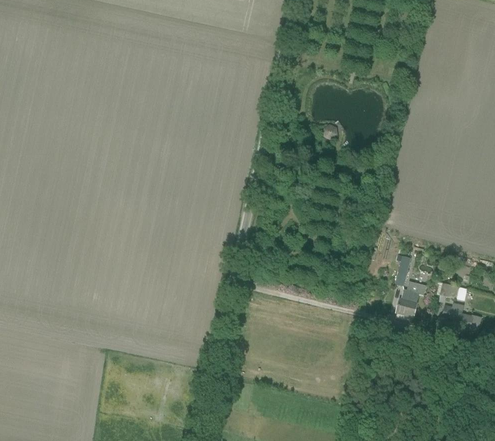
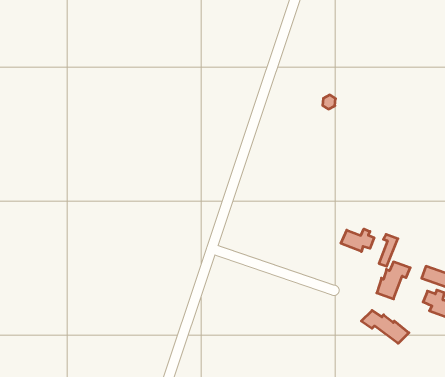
building: none -> [341,229,374,252]
building: none -> [361,310,409,343]

